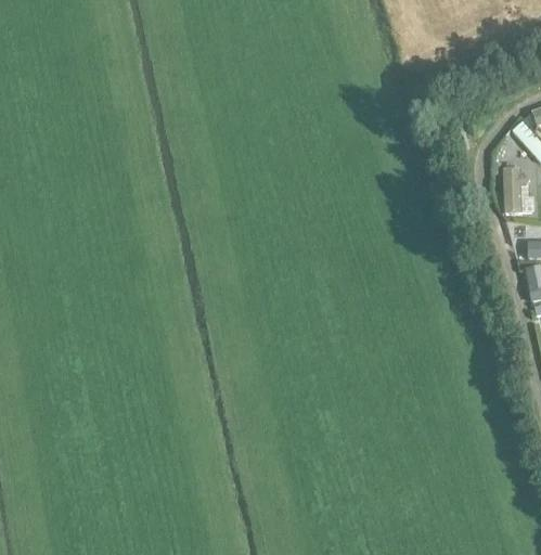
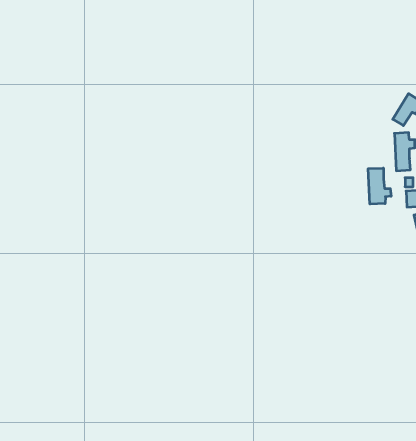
building: none -> [368,168,391,204]

